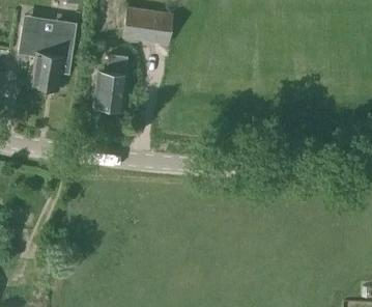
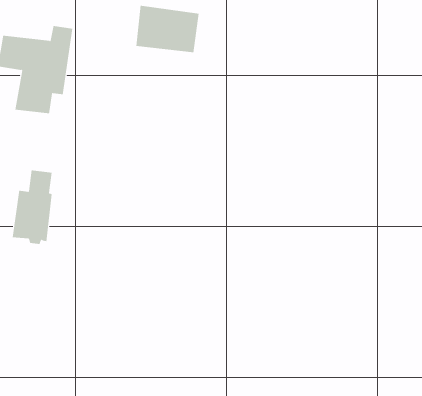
building: [94,55,125,112] -> [12,170,53,244]

